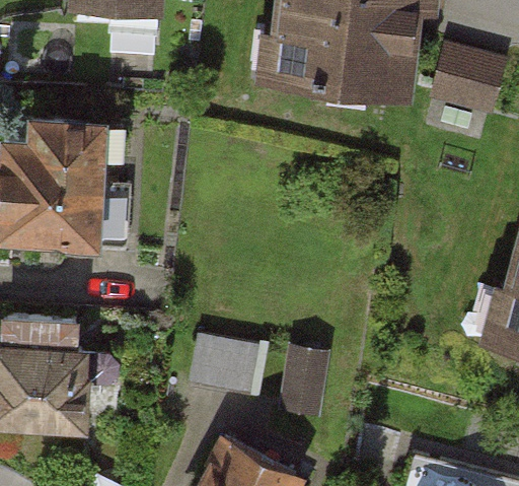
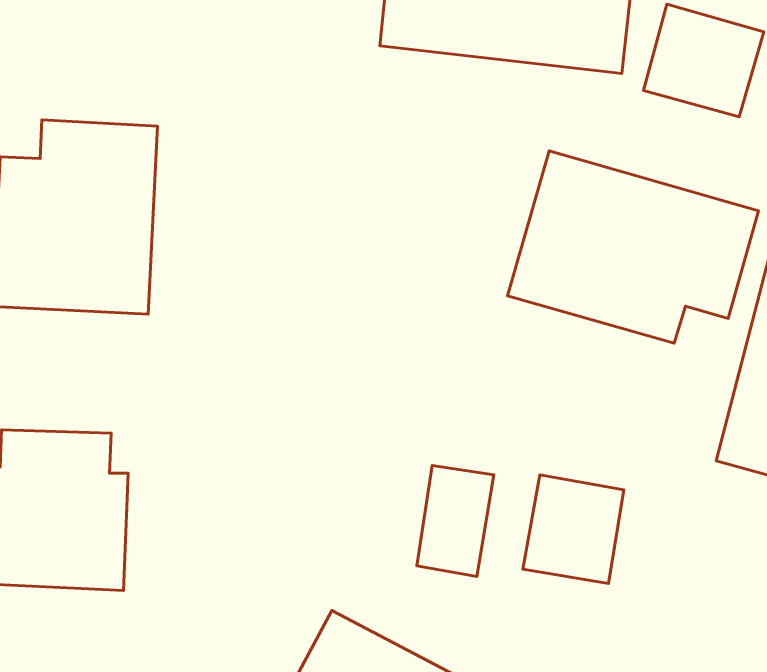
building: none -> [508,151,758,343]
building: [191,336,261,397] -> none
building: none -> [523,475,624,584]

